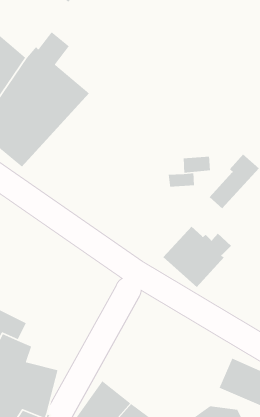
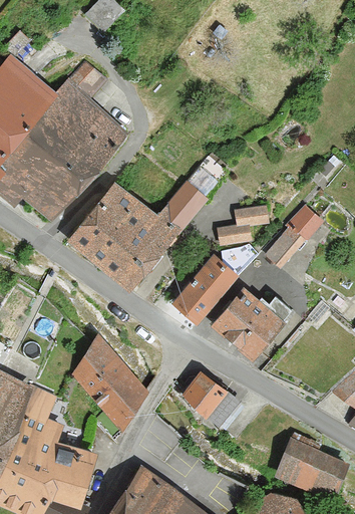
building: none -> [69,155,230,288]
building: none -> [174,245,258,322]
building: none -> [73,335,146,430]
building: none -> [184,371,239,426]

